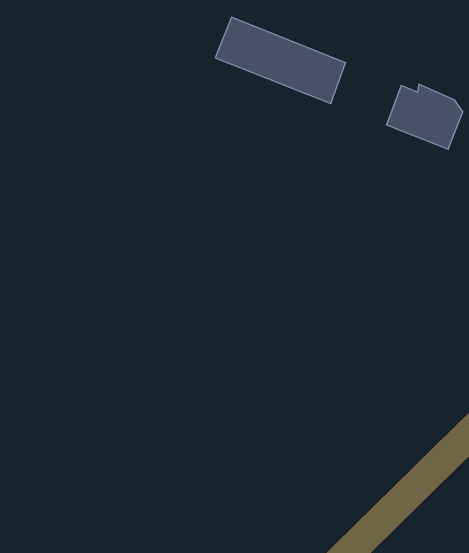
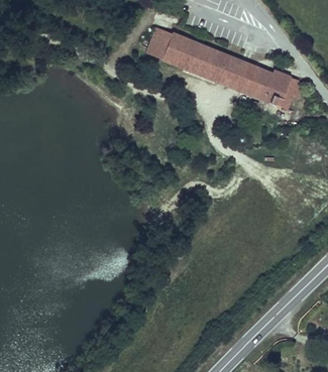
building: none -> [218,56,261,95]

